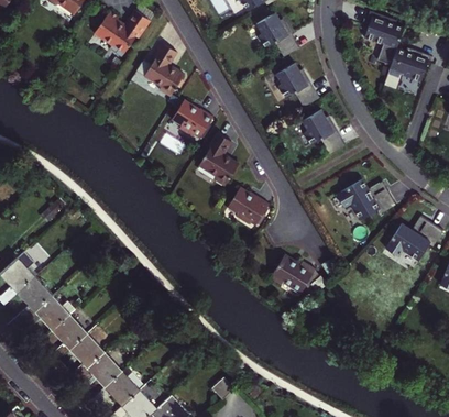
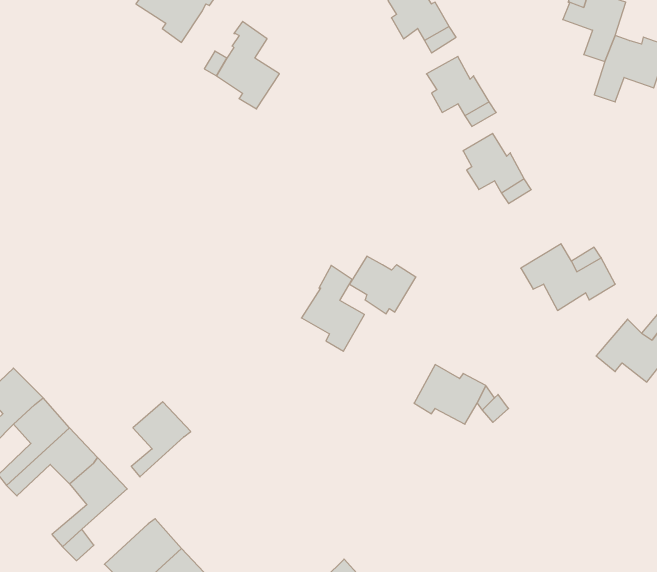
building: [173,99,213,138] -> none
building: [199,131,239,185] -> [301,265,364,351]
building: [69,333,107,381] -> [131,402,191,477]

